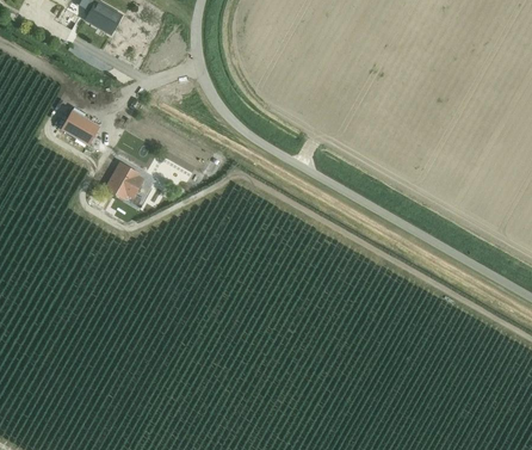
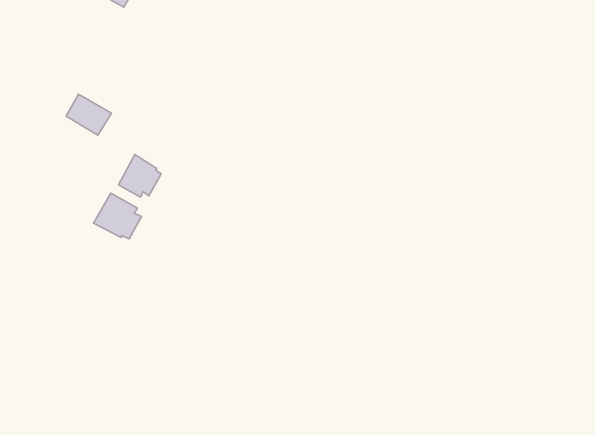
building: none -> [93,193,142,239]

